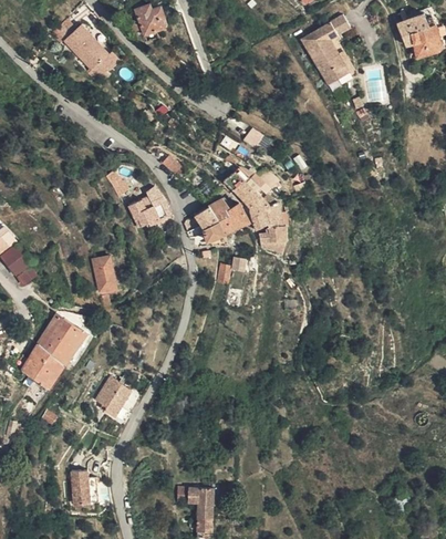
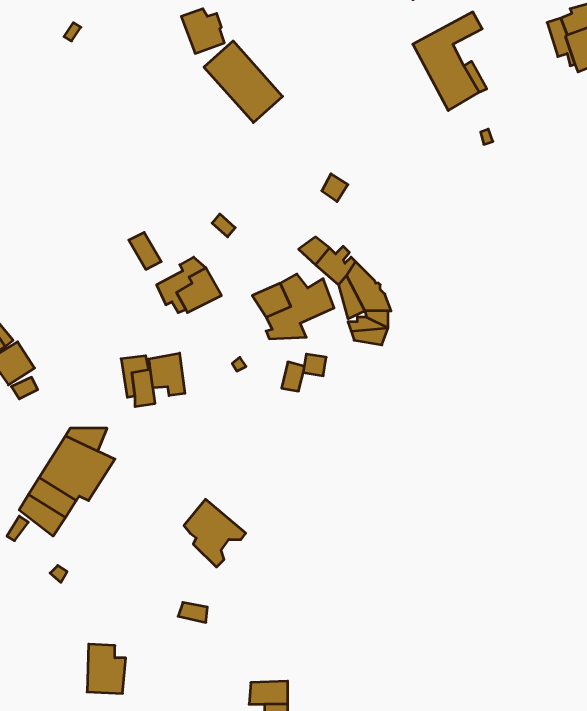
building: [55,22,112,81] -> [204,41,283,123]
building: none -> [149,353,185,396]
building: [97,375,142,424] -> [184,499,246,567]

